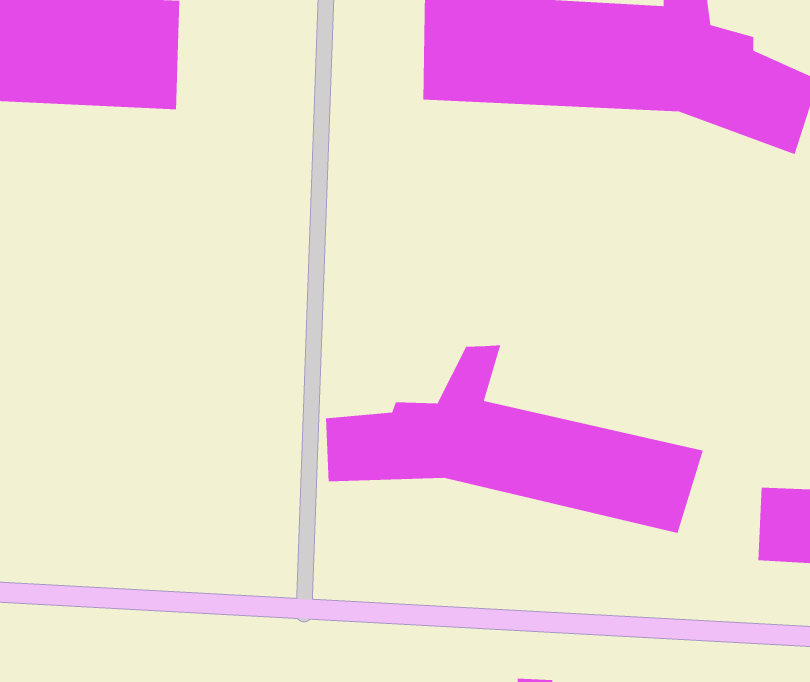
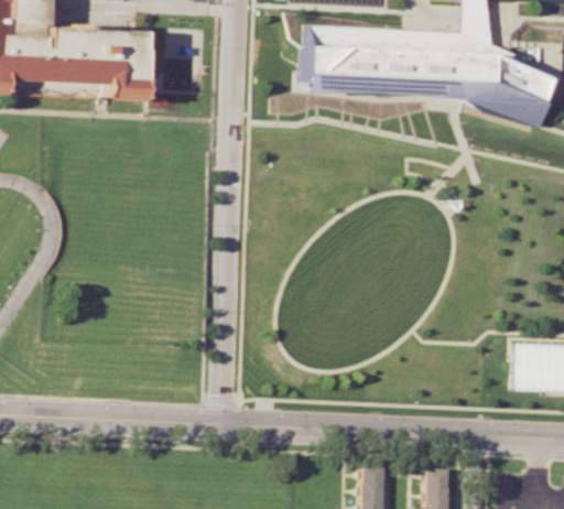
building: [325,345,704,534] -> none

